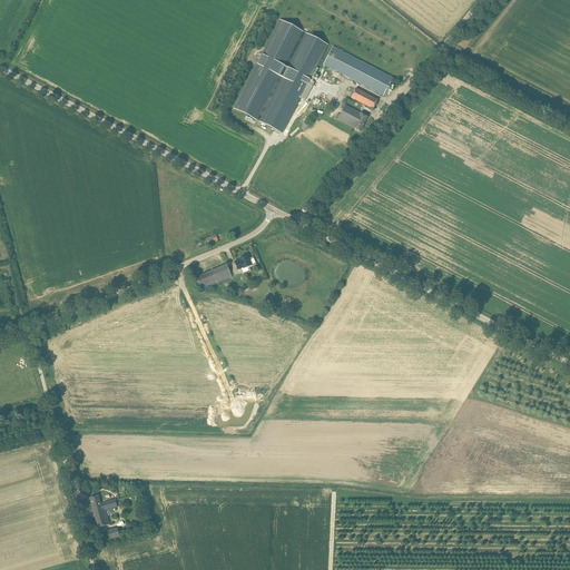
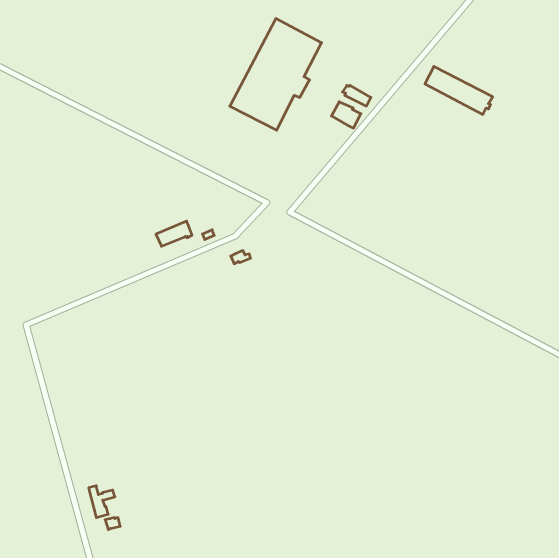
building: [324,46,393,95] -> [425,66,493,114]
building: [196,263,233,288] -> [156,221,192,246]

